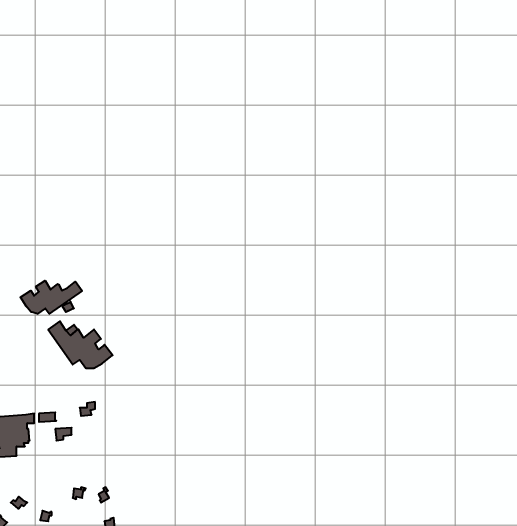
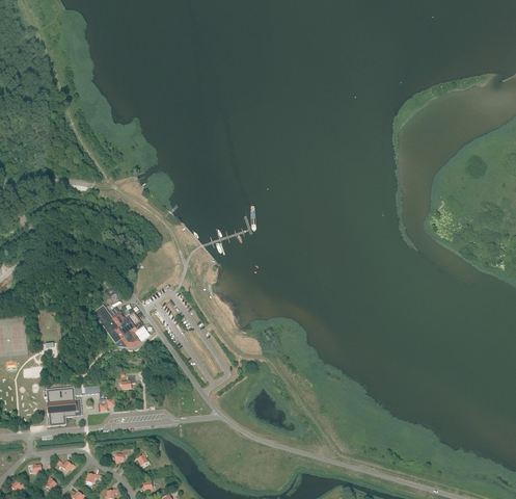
building: [20,281,82,314] -> none

